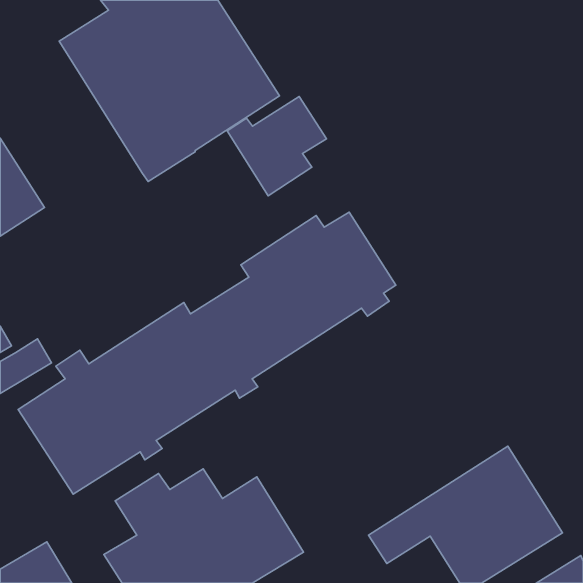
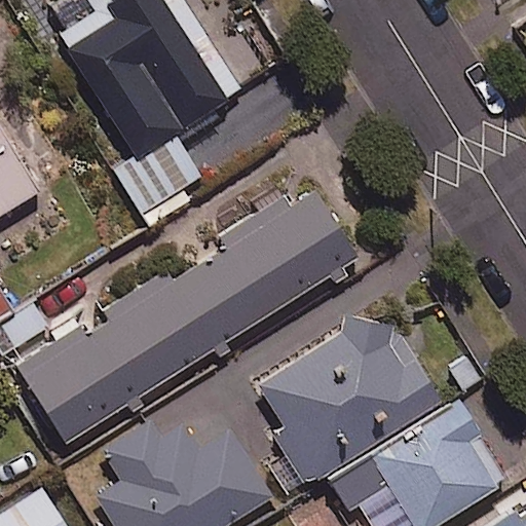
building: [227,97,326,196] -> [111,137,200,226]
building: none -> [258,308,439,487]

